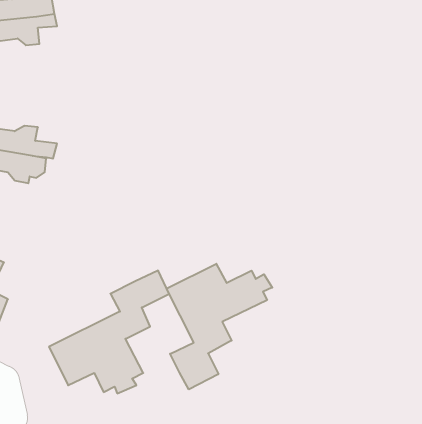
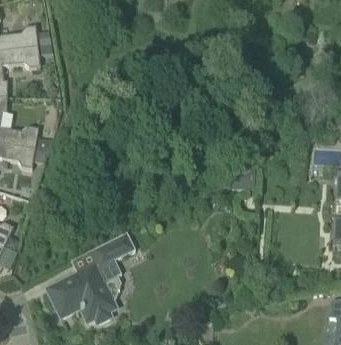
building: [167,264,272,389] -> none

